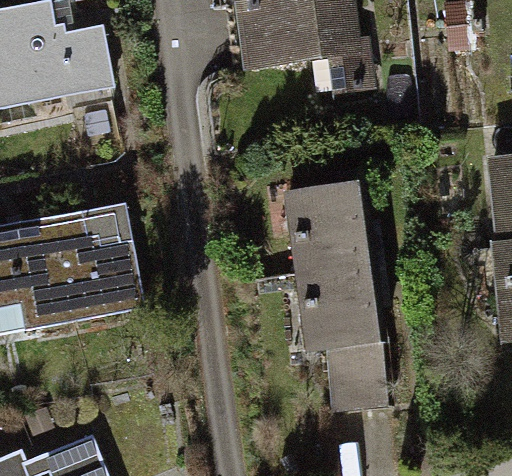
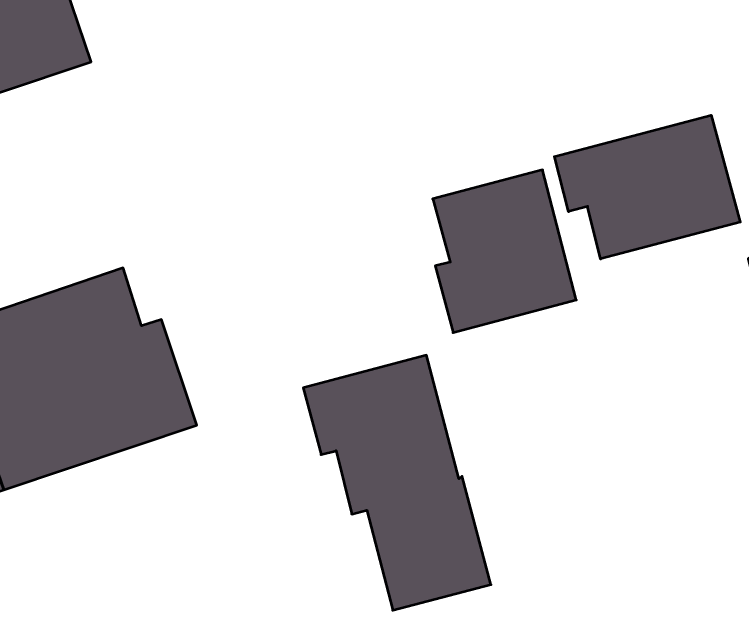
building: none -> [554,115,740,259]
building: [298,265,391,410] -> [303,355,491,610]

